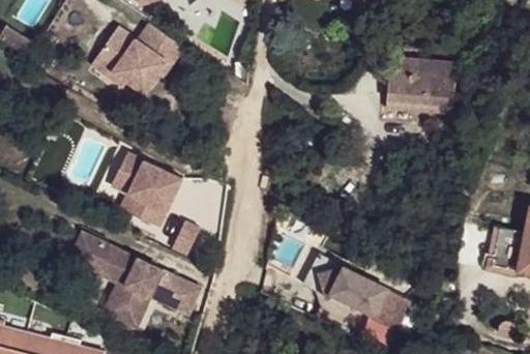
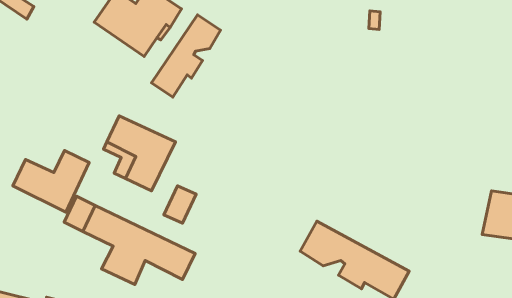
building: none -> [151,15,221,97]
building: [386,55,458,114] -> none
building: none -> [13,150,89,212]

